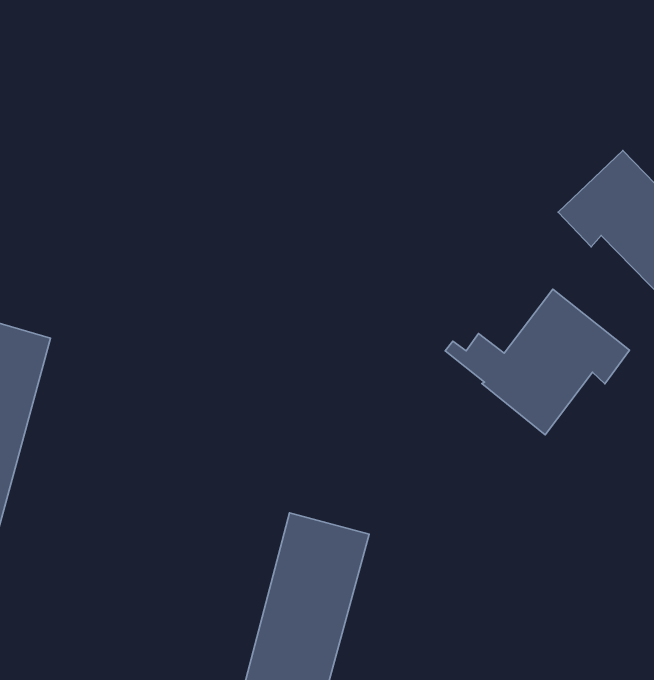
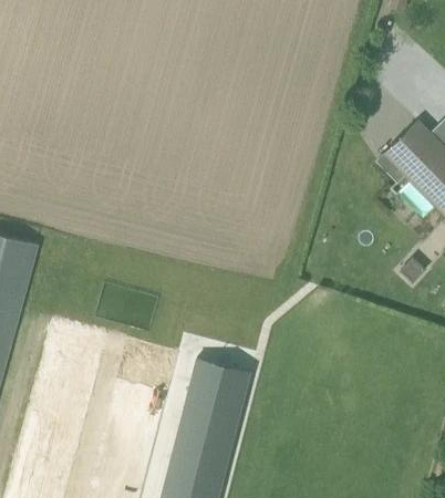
building: [445,289,630,435] -> none

